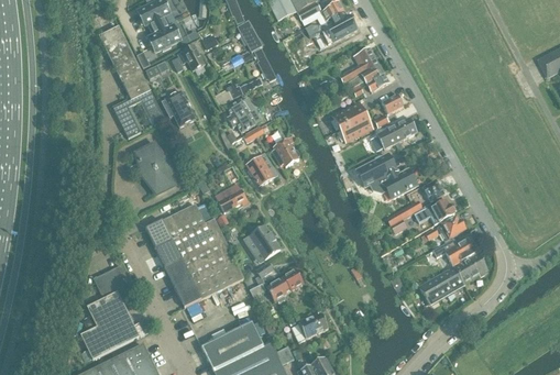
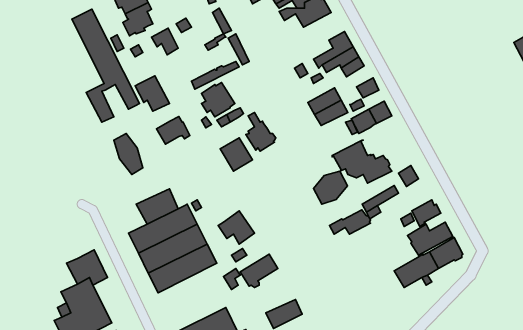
building: [215,184,248,211] -> [157,117,190,144]
building: none -> [313,171,348,204]
building: [414,199,454,223] -> [330,210,371,234]
building: [144,219,173,247] -> none

